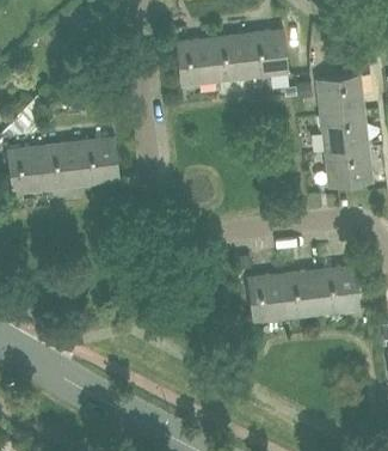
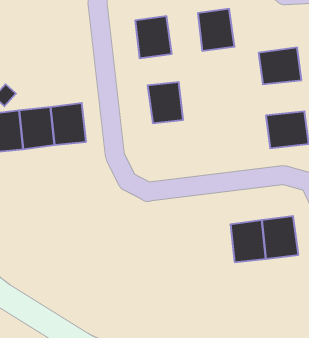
building: [210,35,251,81] -> [148,82,183,123]
building: [320,111,368,152] -> none
building: [246,276,288,324] -> none

